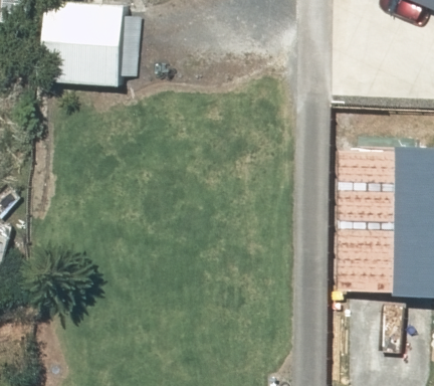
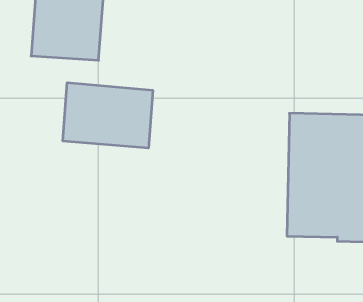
building: none -> [63,83,153,148]

